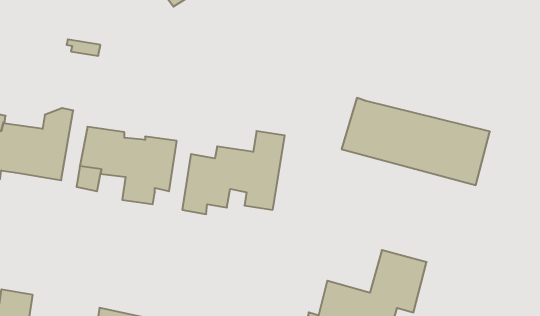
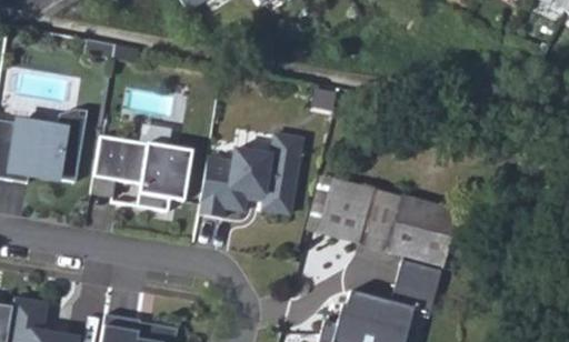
building: [342,98,490,185] -> [305,177,456,265]

